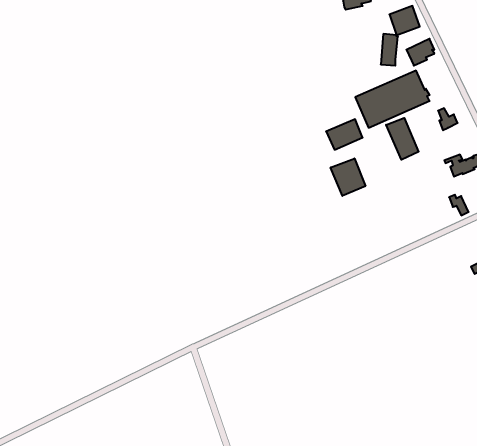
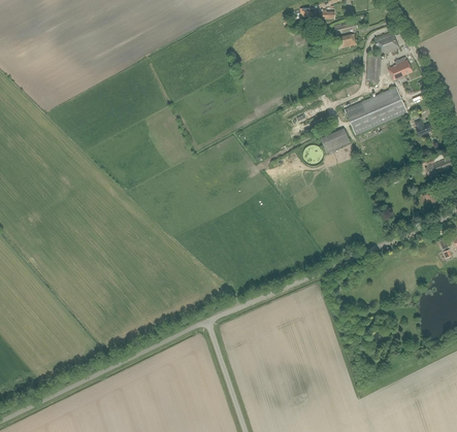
building: [386,118,419,160] -> none
building: [331,158,365,196] -> none

